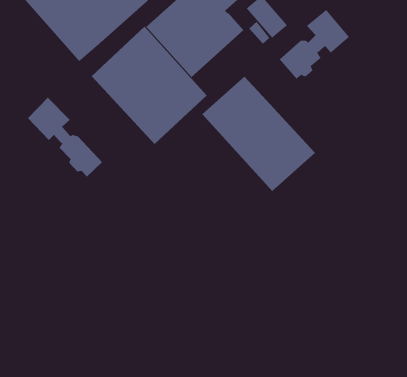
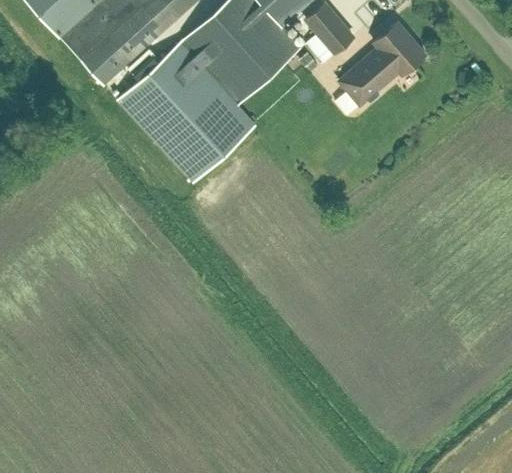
building: [202,76,316,192] -> none
building: [27,97,103,177] -> none

